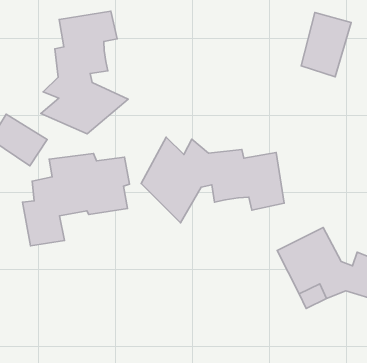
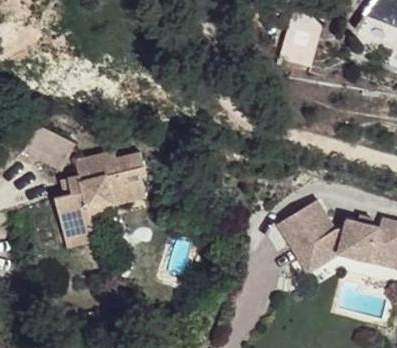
building: [41,11,128,134] -> none
building: [141,137,284,223] -> none

